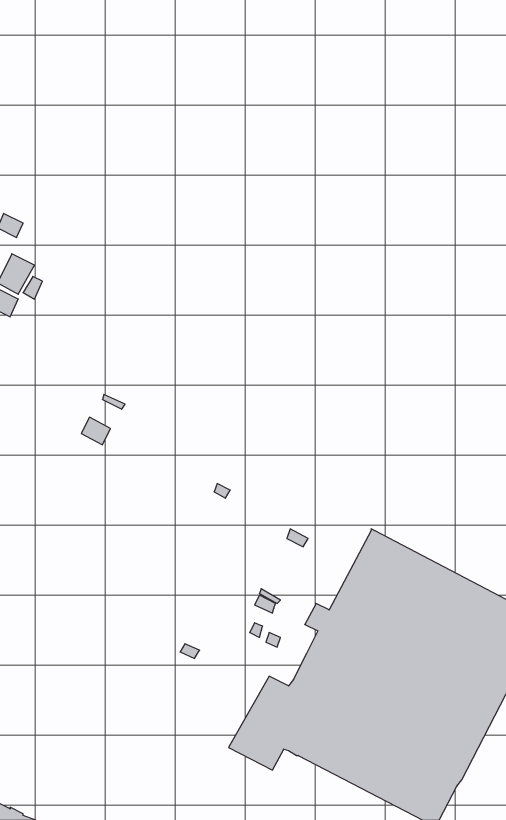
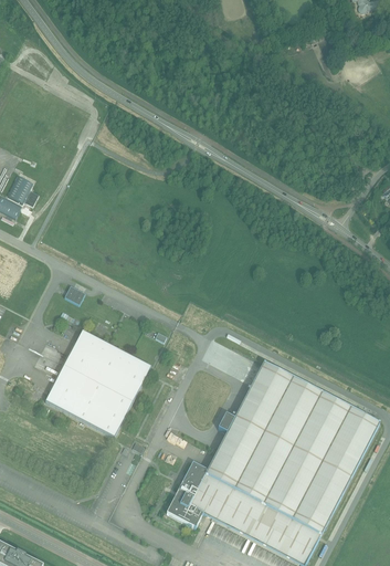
building: none -> [44,329,150,436]

